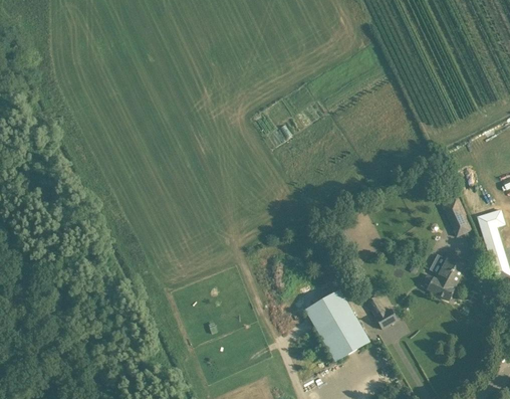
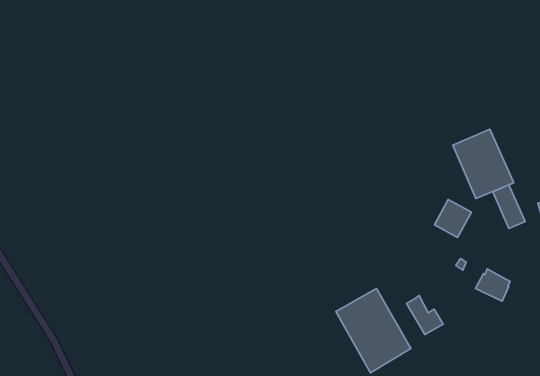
building: none -> [453,129,514,198]
building: [436,250,468,283] -> [434,199,471,237]

